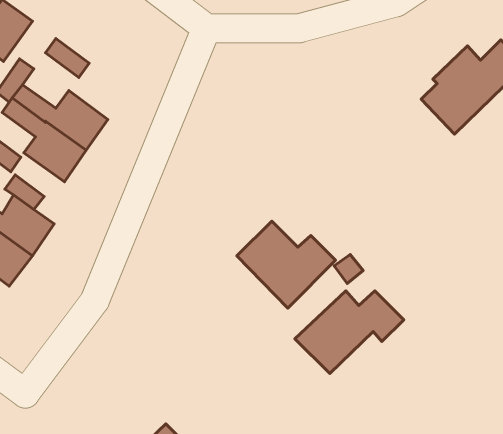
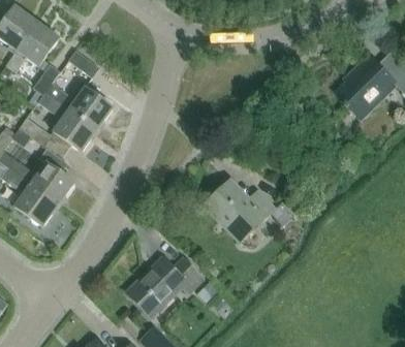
building: [295,291,404,373] -> [126,257,204,316]

